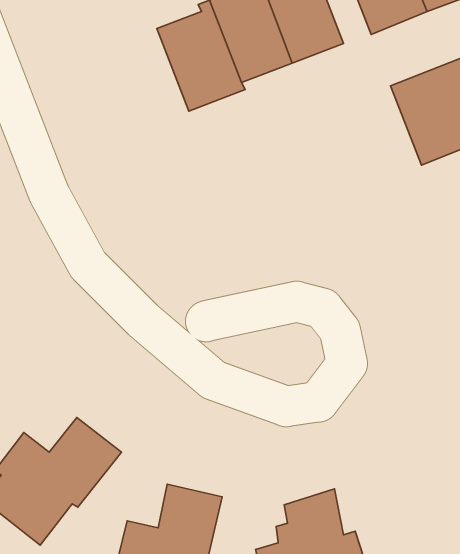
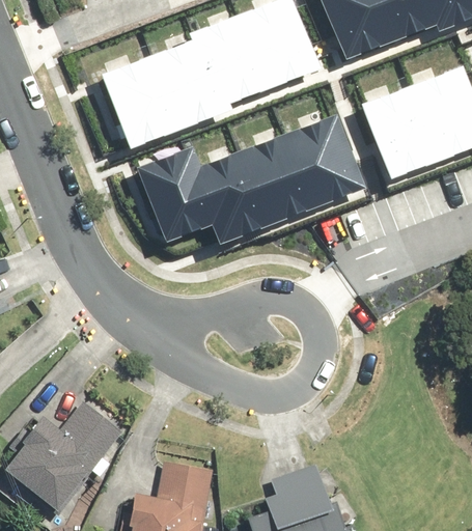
building: none -> [104,53,183,146]
building: none -> [141,116,363,240]

